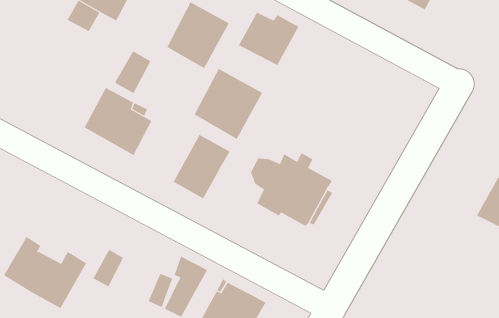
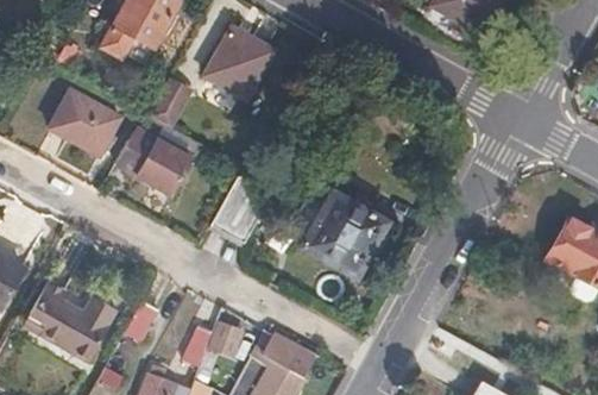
building: [238,12,299,66] -> none
building: none -> [51,93,121,157]
building: [194,68,263,140] -> none

